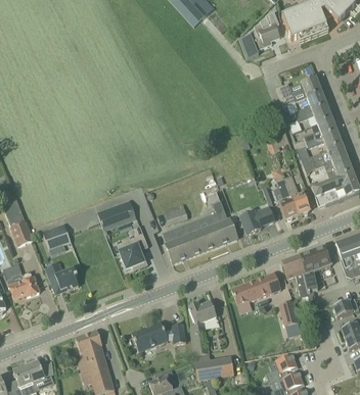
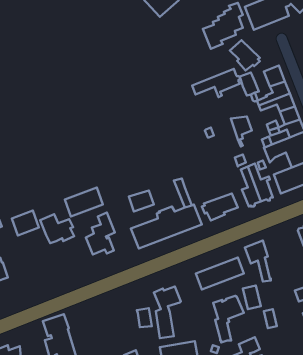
building: none -> [230,40,260,71]
building: none -> [192,69,240,97]
building: [300,247,331,295] -> [213,296,244,343]
building: [44,262,79,292] -> [40,214,74,243]
building: [129,322,168,352] -> none

